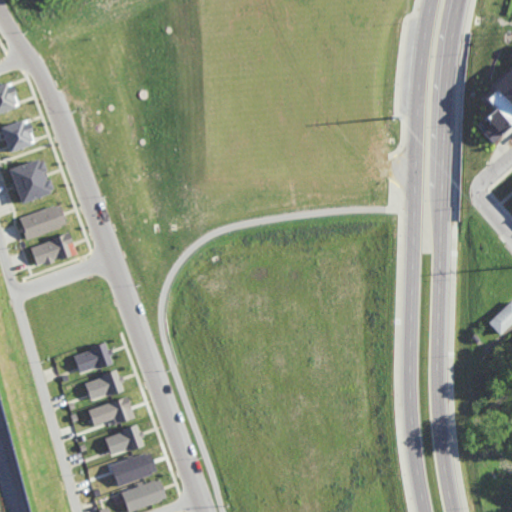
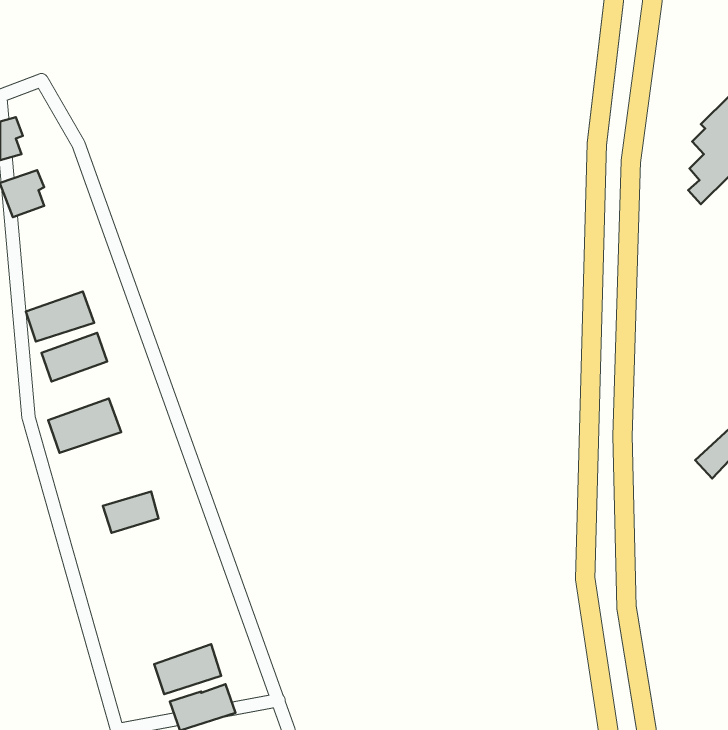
building: [9,159,52,203] -> none
building: none -> [48,398,121,453]
building: [84,370,124,401] -> none
building: [88,397,133,426] -> none
building: [104,426,144,455] -> none

